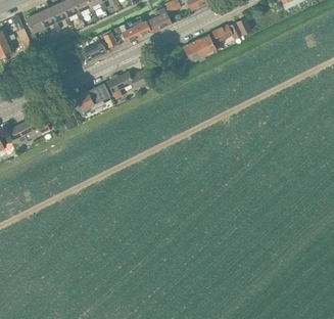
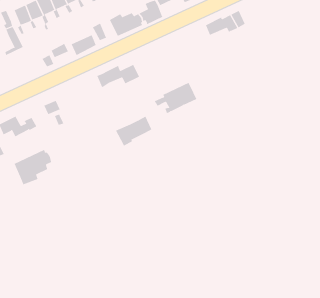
building: [175,34,217,64] -> [154,82,197,114]
building: [74,83,109,112] -> [115,116,152,146]
building: none -> [14,149,52,185]

